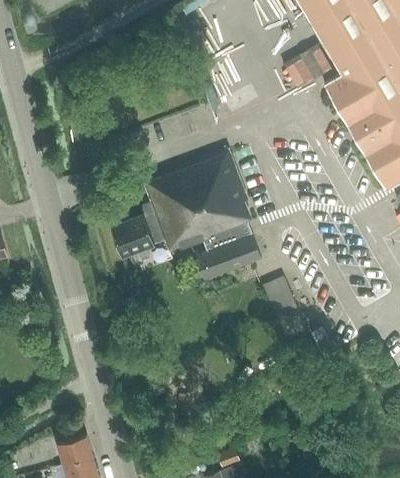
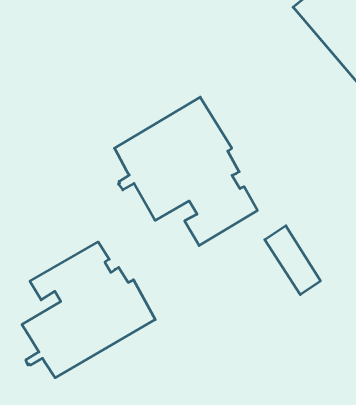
building: [111,214,165,257] -> none
building: none -> [22,242,155,378]

